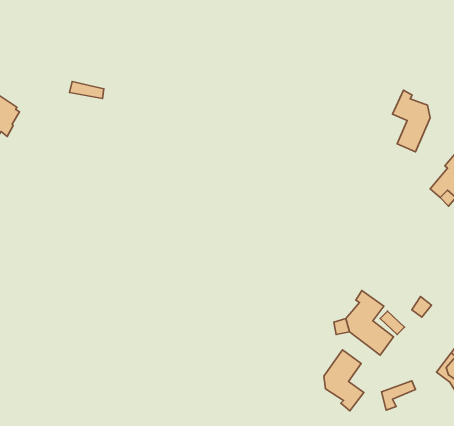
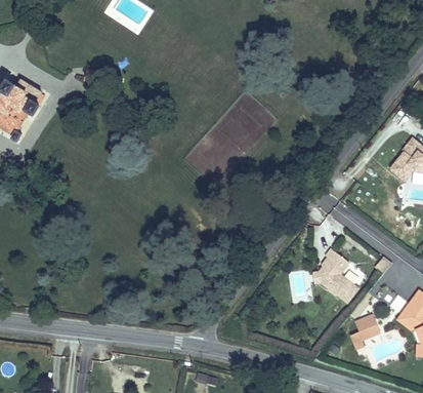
building: [393,90,430,152] -> none
building: [324,350,364,411] -> none

